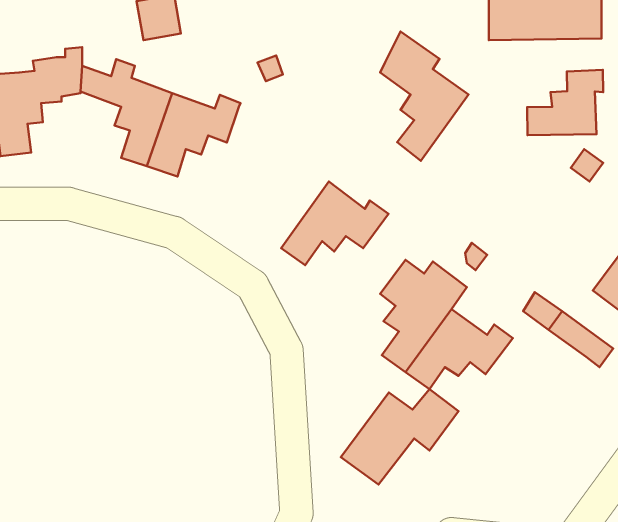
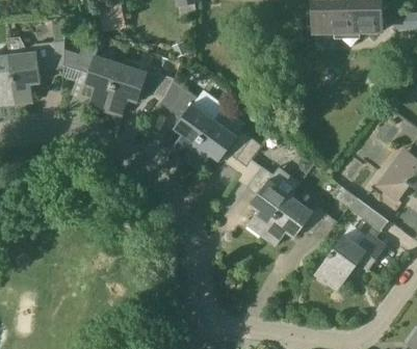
building: [380,32,469,161] -> [160,80,214,159]
building: [527,70,603,135] -> none
building: [341,389,458,485] -> [313,232,385,290]

